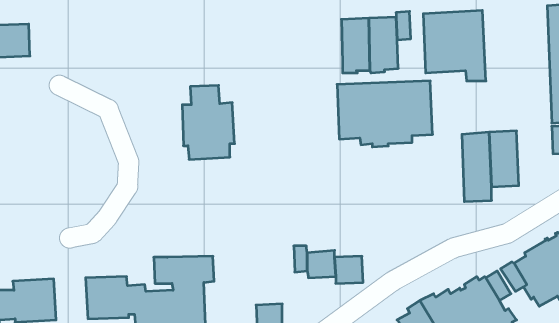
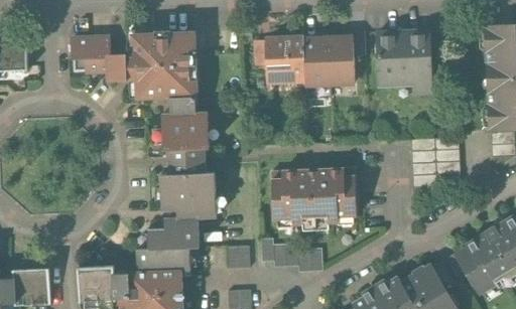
building: none -> [71,32,197,99]
building: none -> [268,38,304,79]
building: [337,81,433,147] -> [271,168,356,226]
building: none -> [148,160,216,249]
building: none -> [226,246,250,269]

